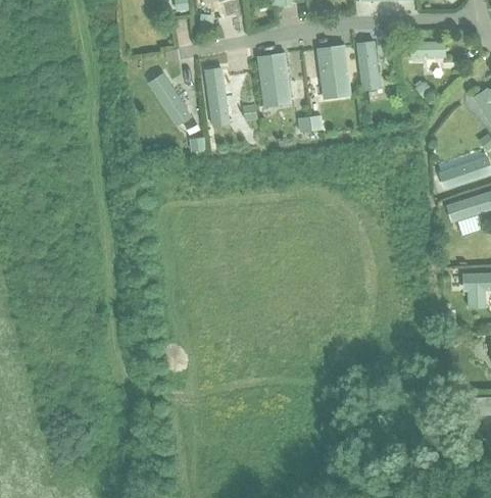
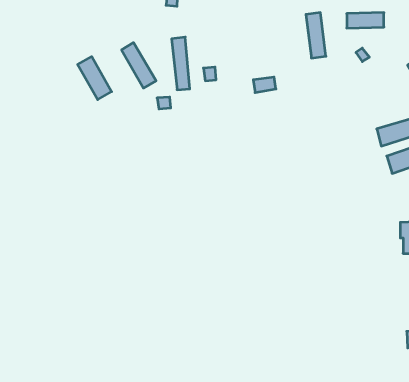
building: [317,44,350,100] -> none
building: [258,52,291,108] -> none
building: none -> [78,57,112,100]

